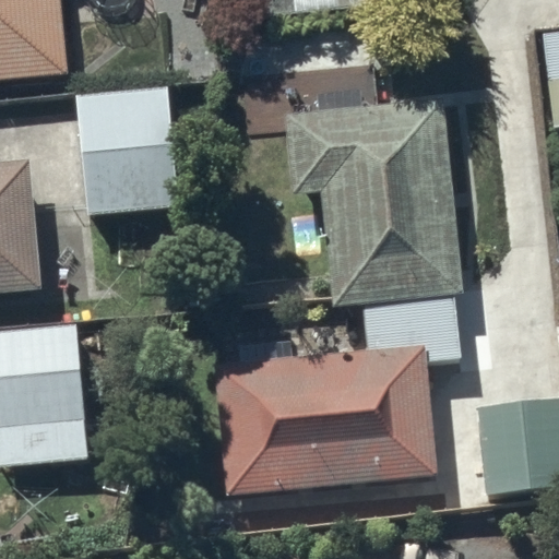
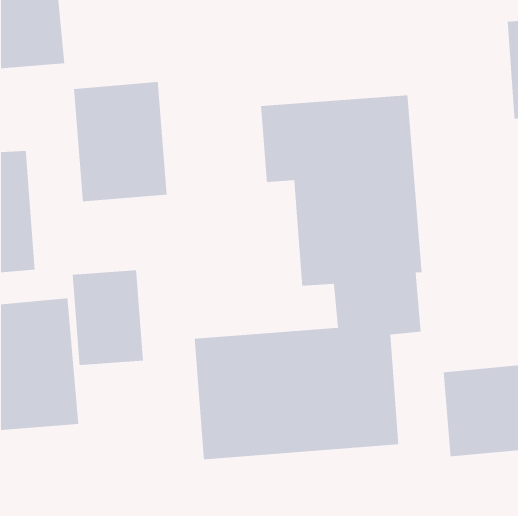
building: none -> [72,269,144,366]

